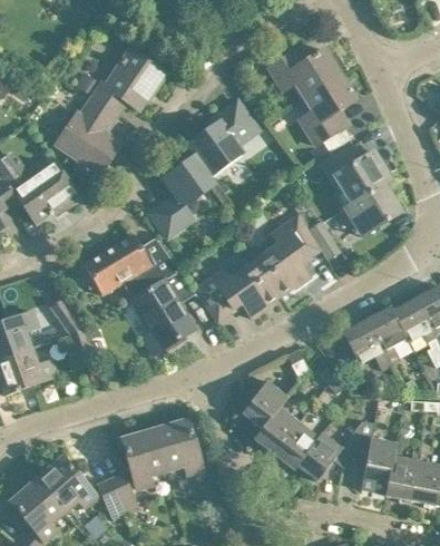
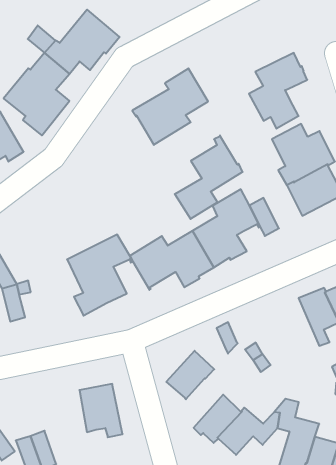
building: [267,49,340,97] -> none
building: [148,150,214,236] -> [175,135,243,219]
building: [82,233,179,300] -> none
building: [342,319,390,370] -> none
building: [253,407,299,457] -> none
building: [121,429,166,489] -> none

